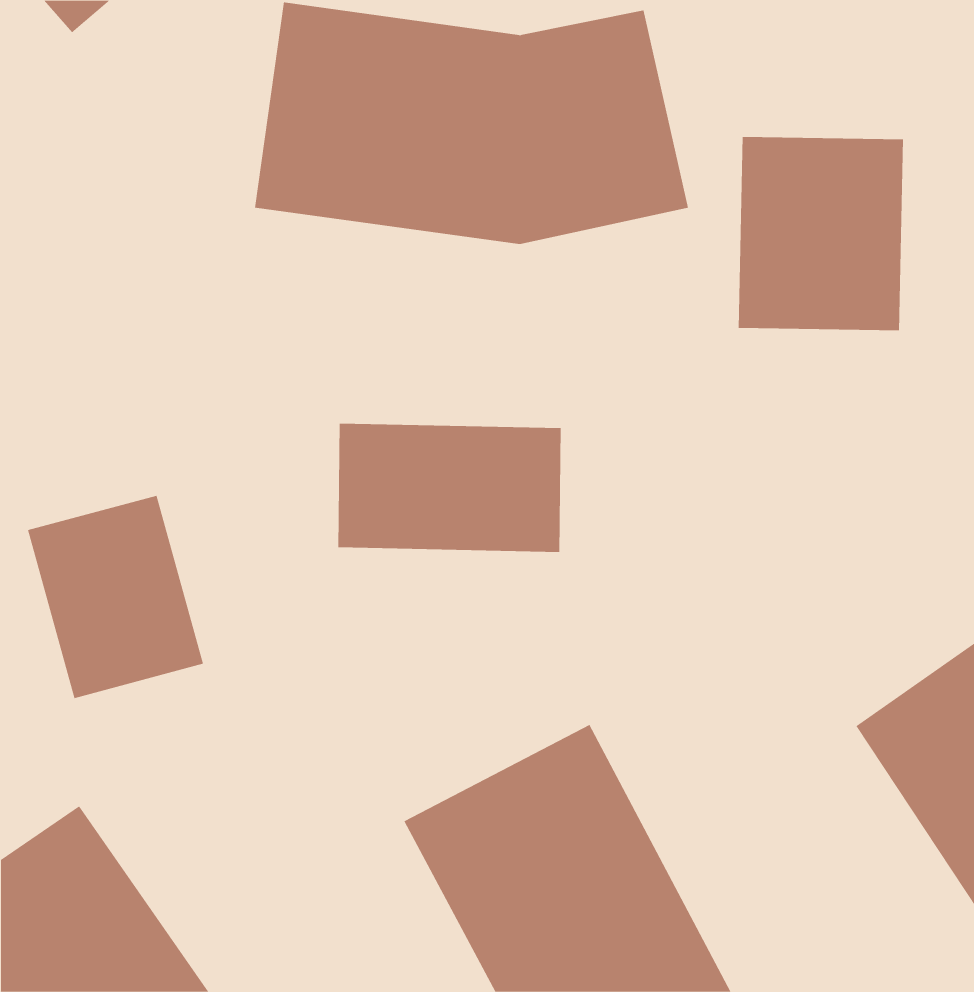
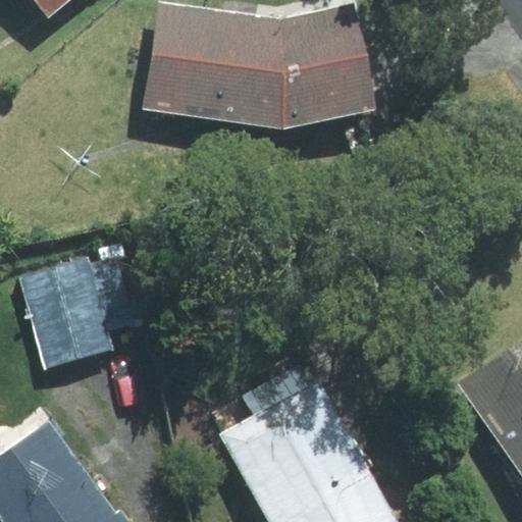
building: [738,136,904,331] -> none
building: [338,423,561,553] -> none

